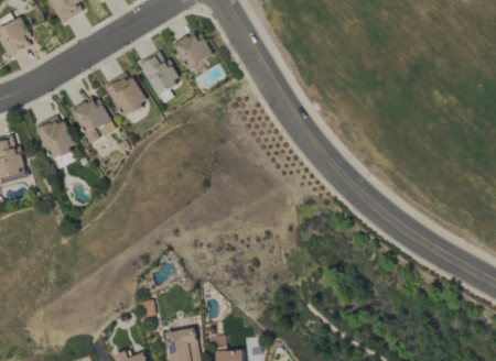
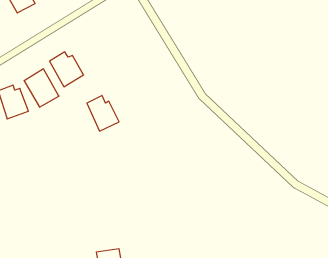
building: [173,30,213,69] -> none
building: [139,51,181,97] -> [87,95,119,131]

